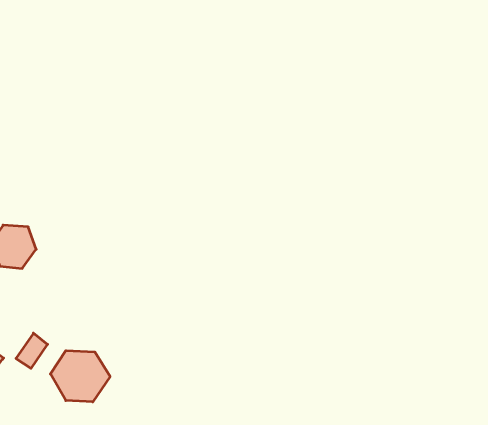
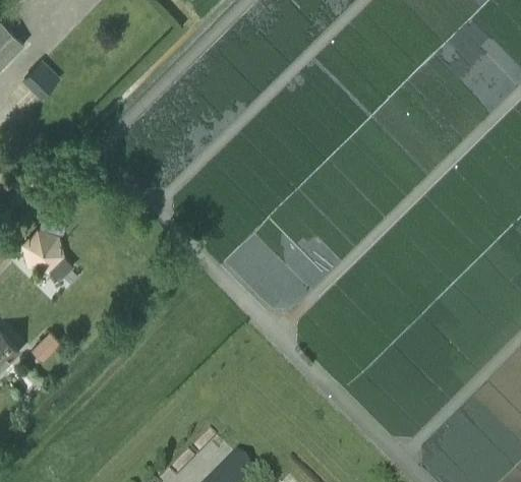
building: [50,351,110,402] -> none

